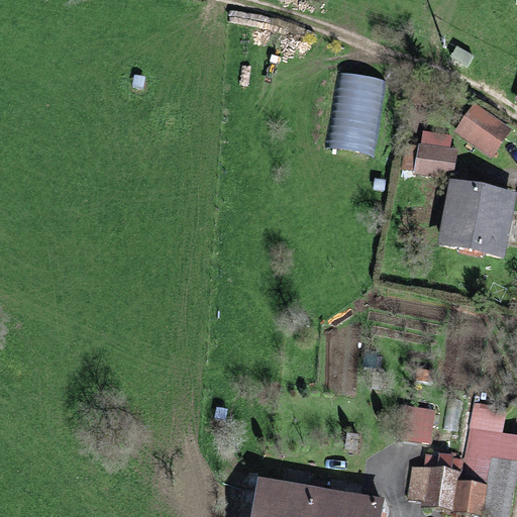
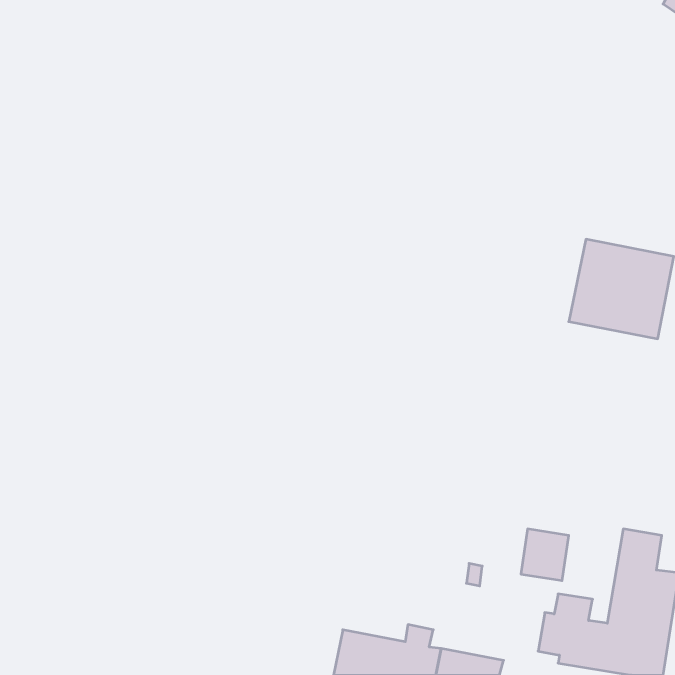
building: [335,71,387,151] -> none
building: [459,109,507,153] -> none
building: [412,142,458,176] -> none

